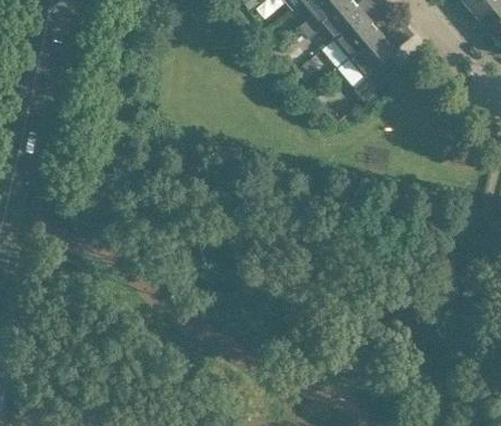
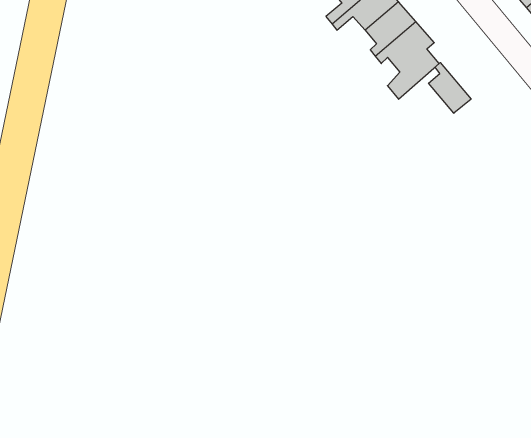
building: none -> [429,63,471,113]

